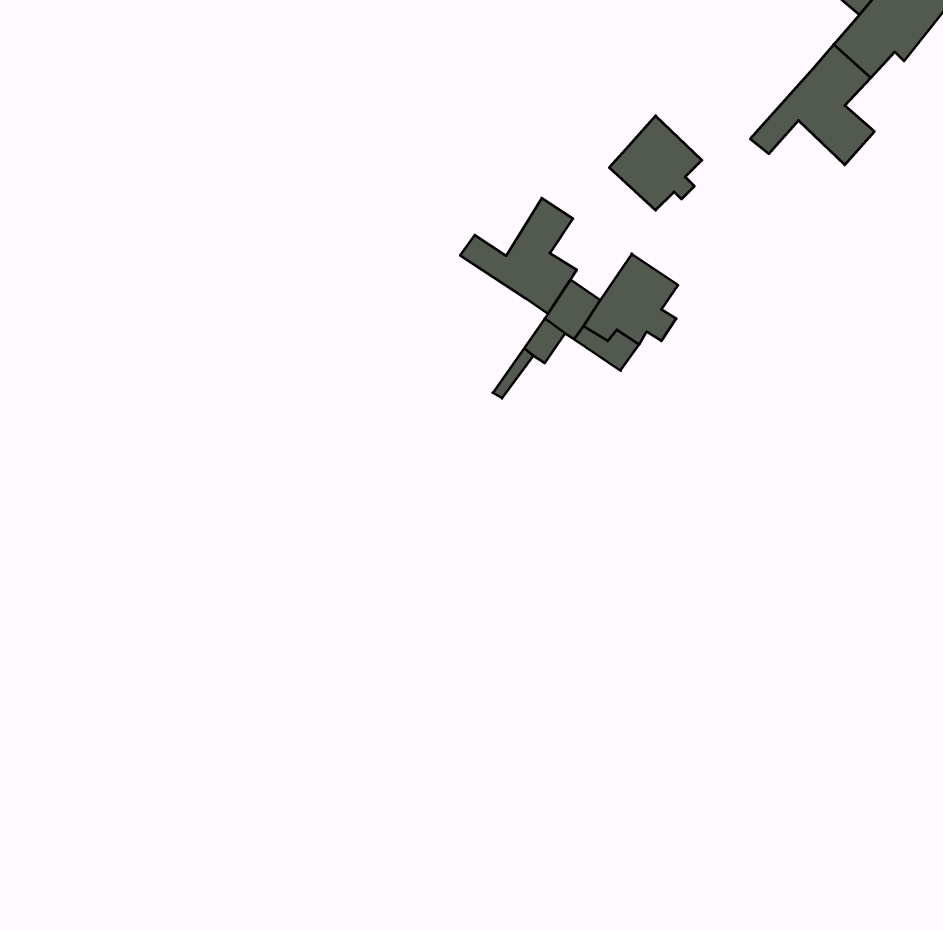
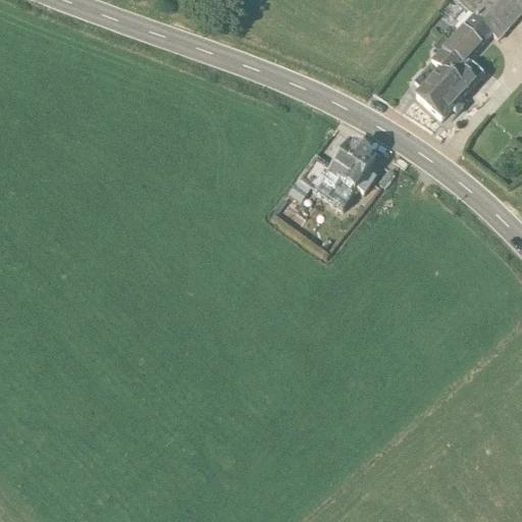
building: [609,116,702,210] -> [416,66,467,118]
building: [460,198,577,314] -> none

